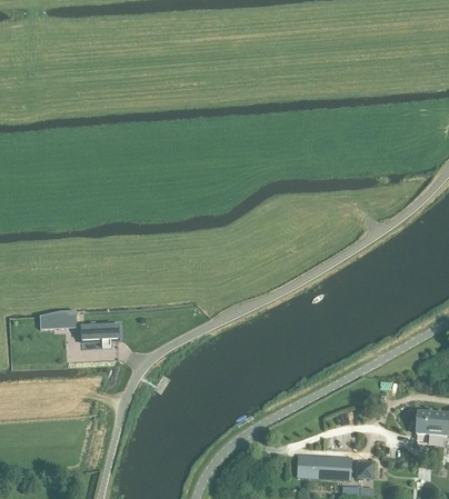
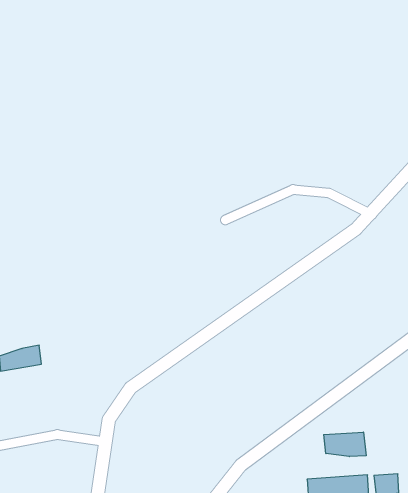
building: [80,323,118,346] -> none
building: none -> [324,432,366,457]

